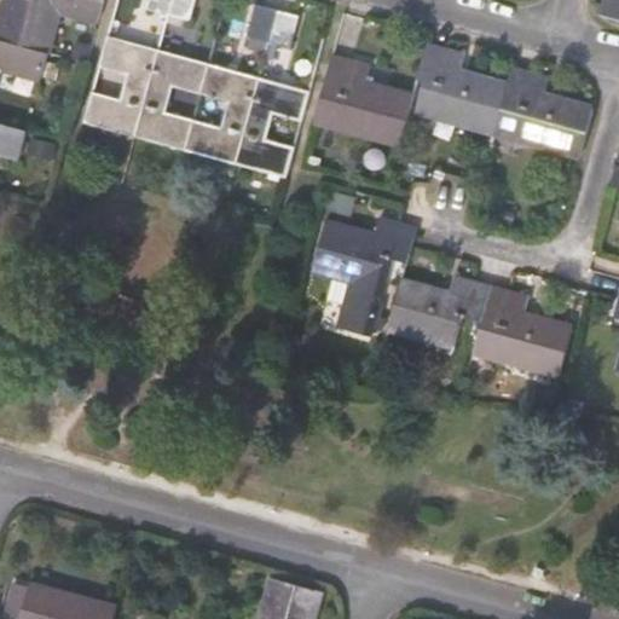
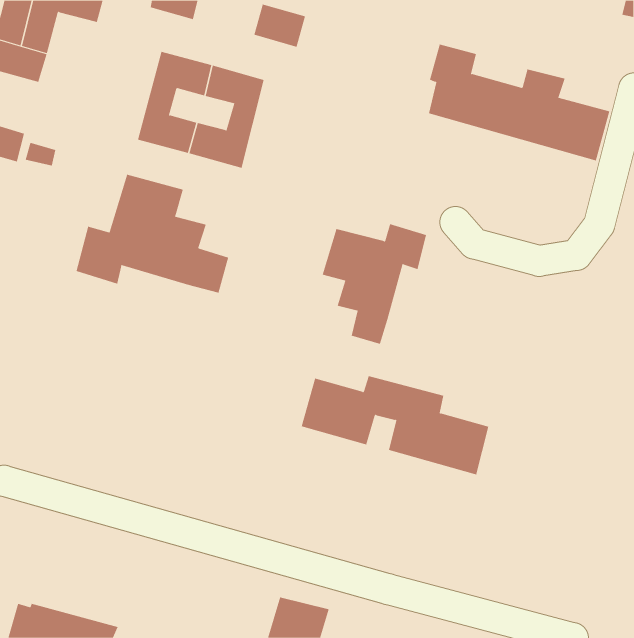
building: [82,36,156,135] -> none
building: [312,54,411,144] -> none
building: [235,77,307,175] -> none
building: none -> [76,174,229,293]
building: [387,277,569,374] -> [301,375,489,475]

